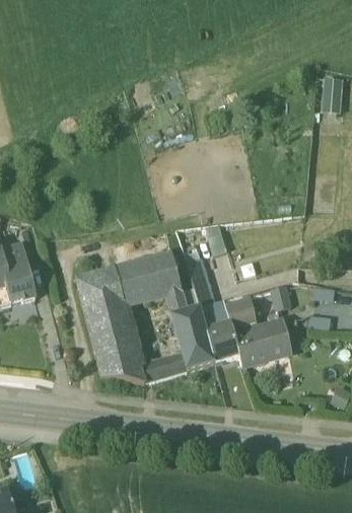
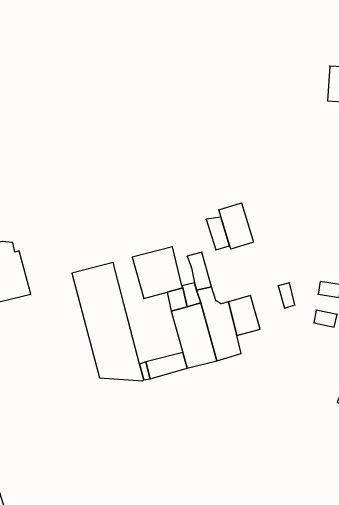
building: none -> [219,203,254,249]
building: [116,262,145,306] -> none
building: [234,320,291,365] -> none

